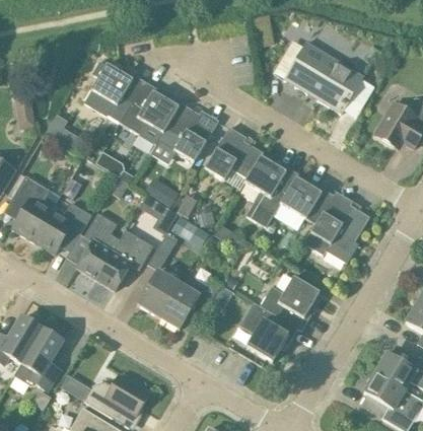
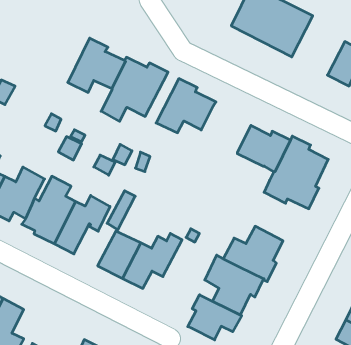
building: [85,63,145,123] -> none
building: [244,156,299,227] -> none
building: [172,216,209,247] -> none
building: none -> [188,295,242,340]

